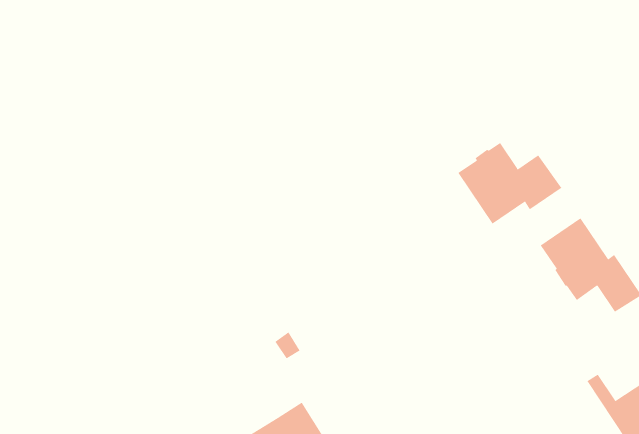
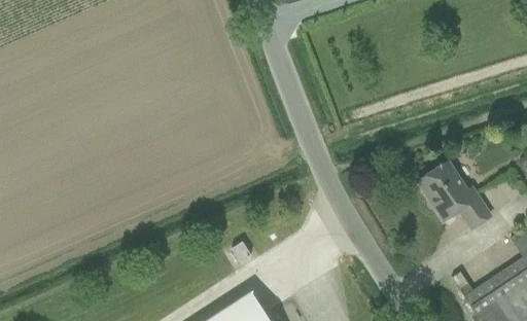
building: [457,142,562,224] -> none

